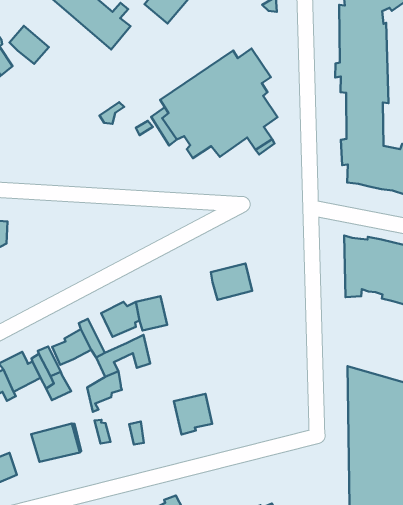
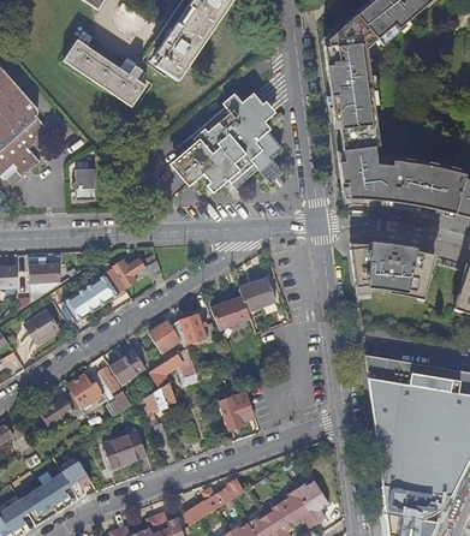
building: [9,26,49,64] -> none
building: none -> [71,168,95,199]
building: none -> [64,254,162,321]
building: none -> [210,296,250,328]

